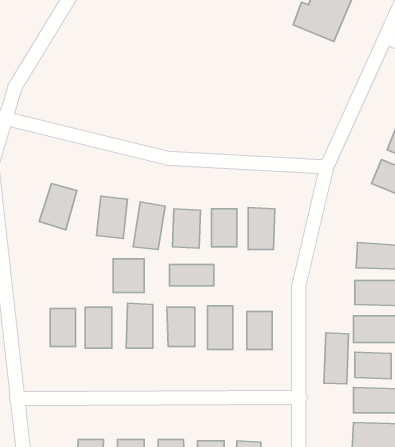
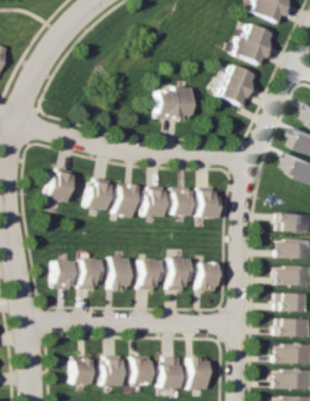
building: none -> [211,65,251,108]
building: none -> [150,86,185,119]
building: [113,259,144,292] -> none
building: [170,264,214,286] -> none
building: [324,333,349,384] -> none

